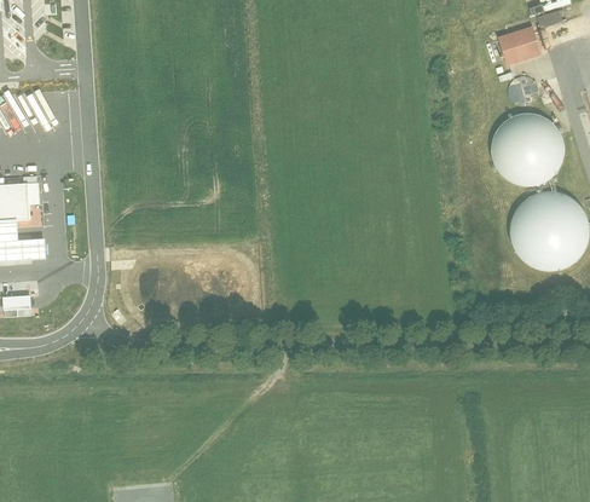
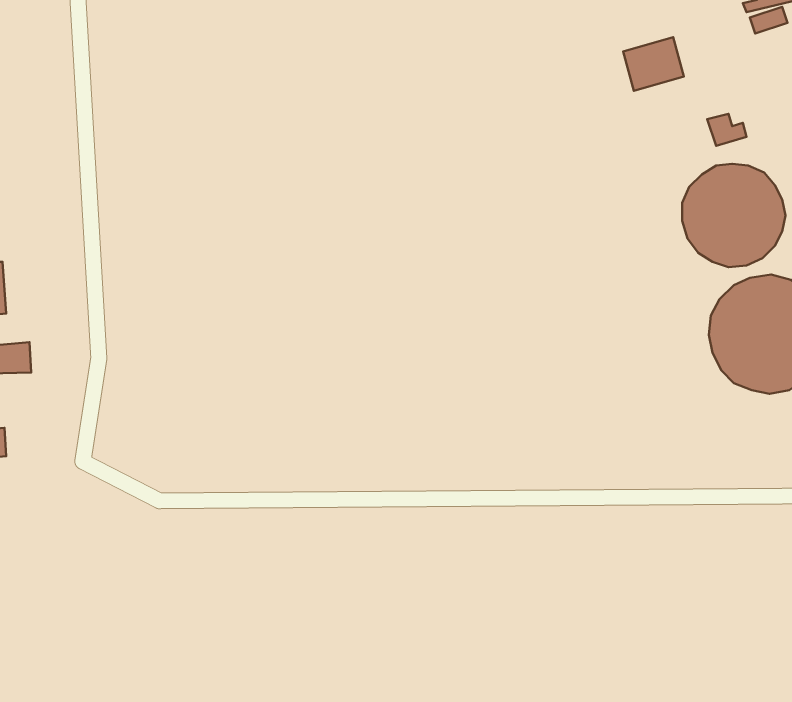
building: [497,27,538,63] -> [623,37,684,91]

